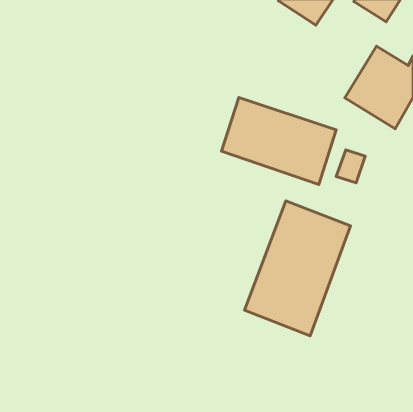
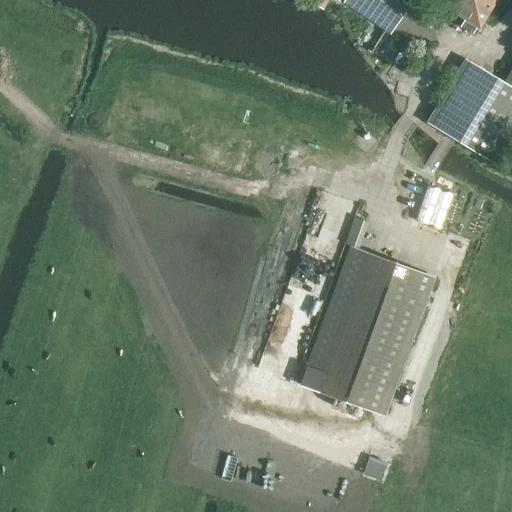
building: [221,97,336,184] -> none

